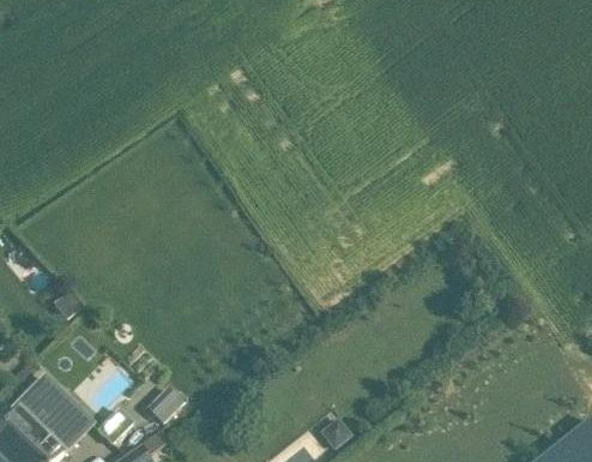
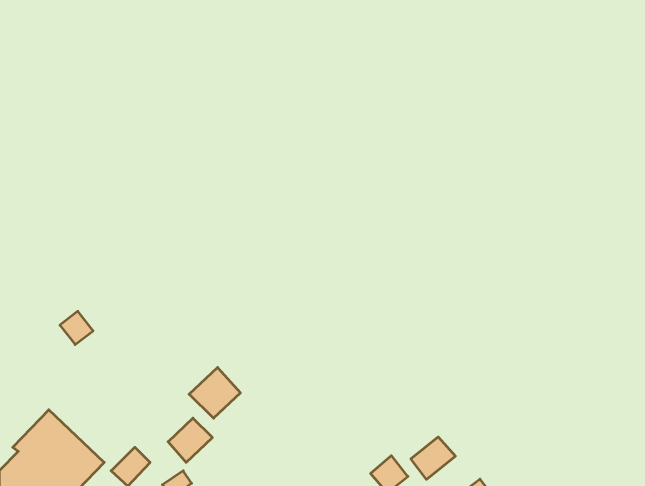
building: none -> [189,367,240,418]
building: none -> [411,437,455,479]

